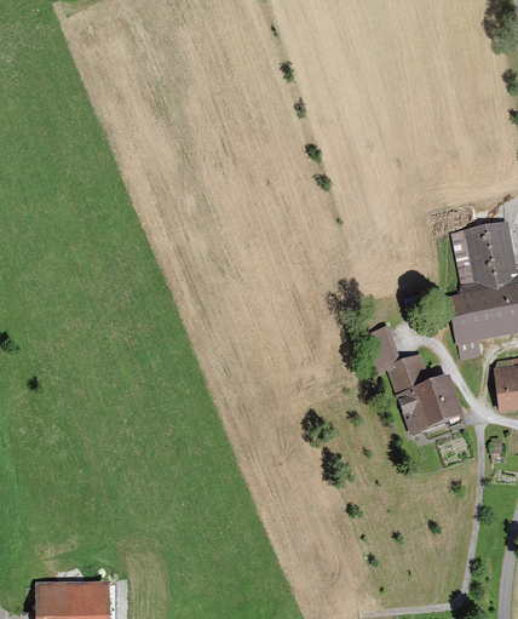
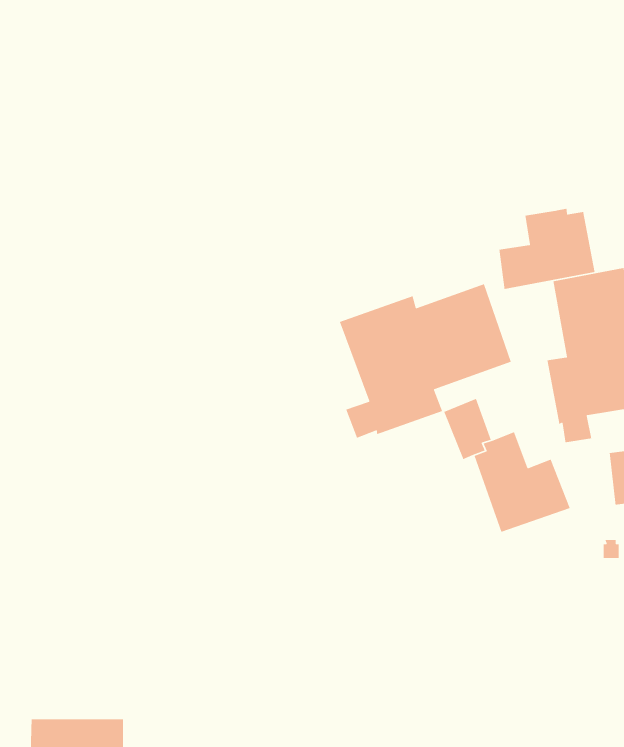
building: none -> [499,208,595,290]
building: none -> [339,283,512,439]

